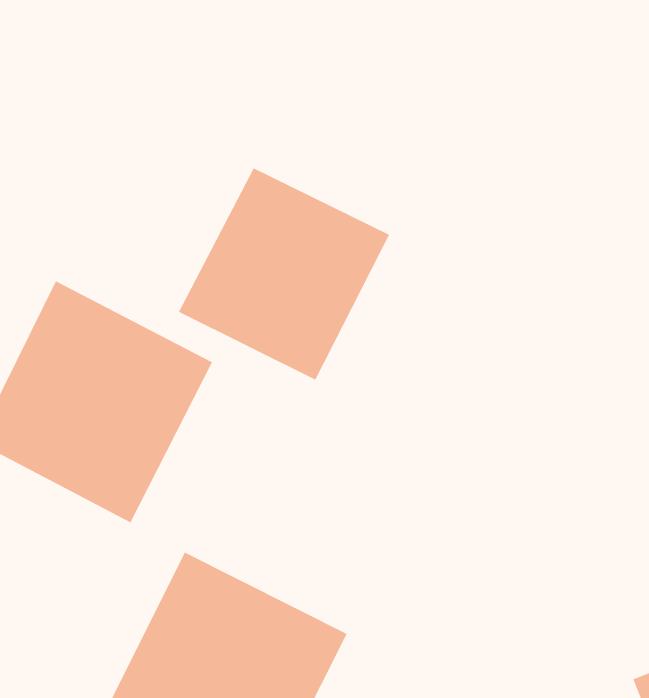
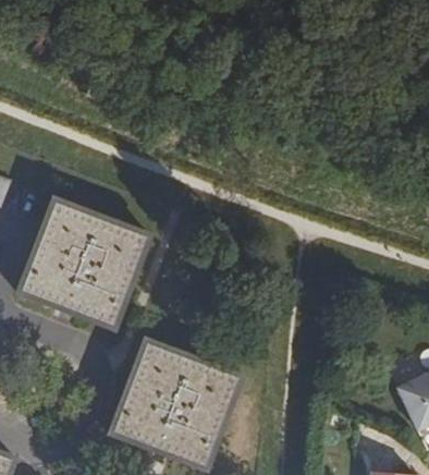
building: [178,168,390,380] -> none

